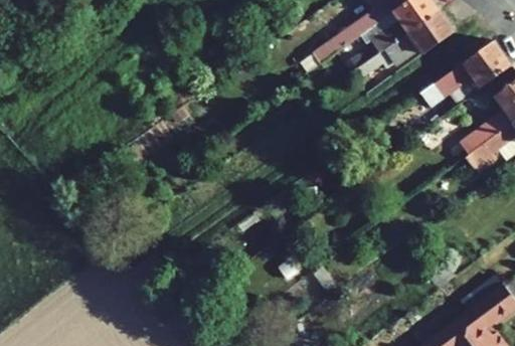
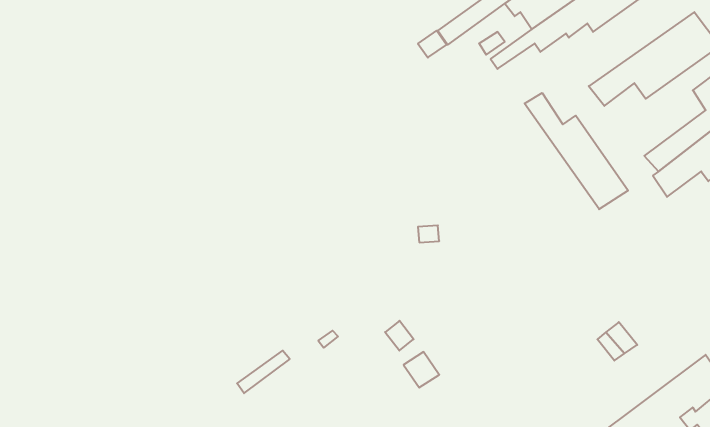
building: none -> [525,93,628,209]

